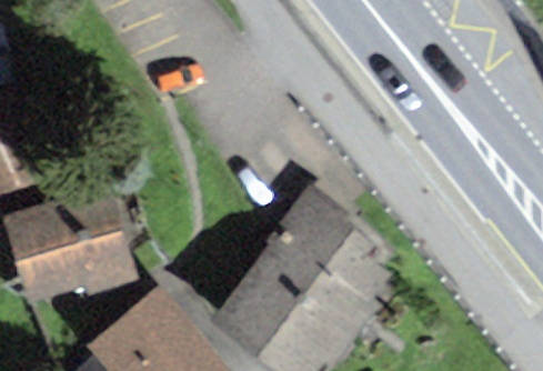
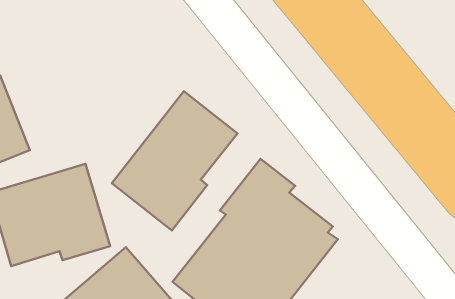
building: none -> [112,91,237,231]

